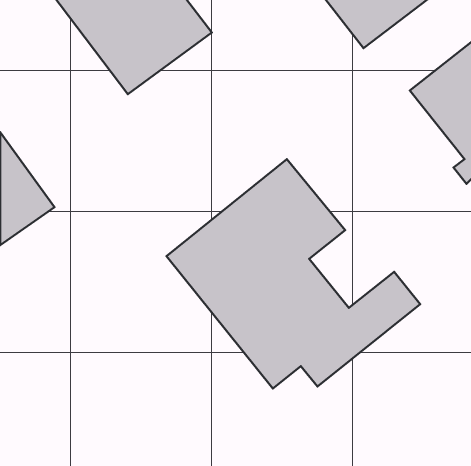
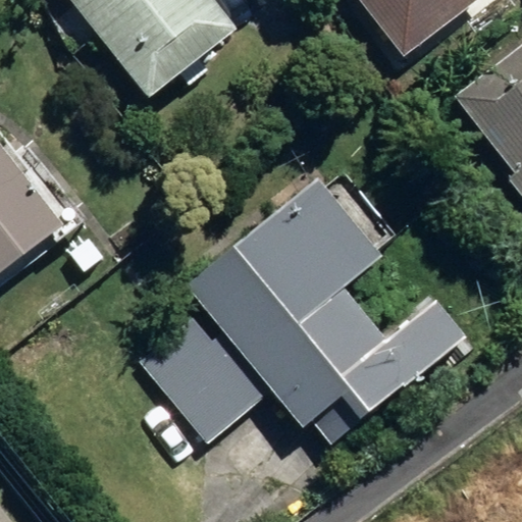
building: none -> [143,313,263,437]

